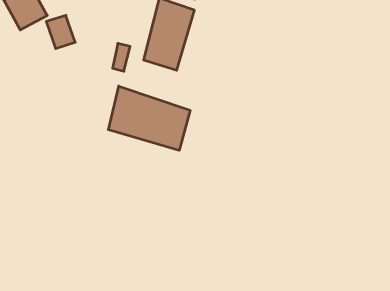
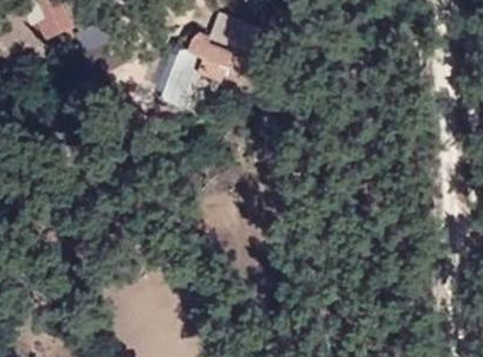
building: [108,86,190,150] -> none

